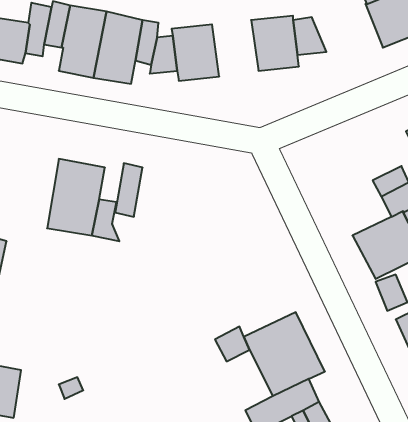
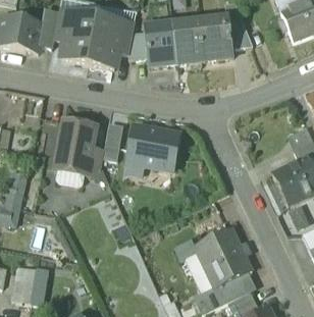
building: none -> [172,21,205,61]
building: none -> [128,127,181,168]

